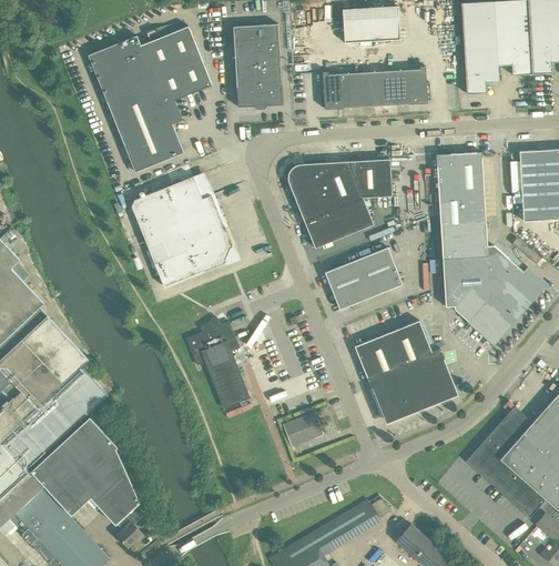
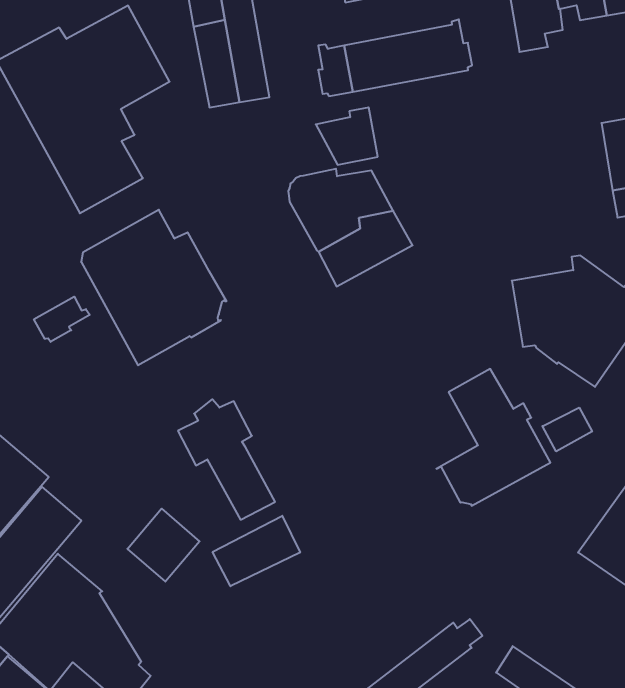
building: [436,152,487,259] -> none
building: [349,159,392,198] -> [316,107,378,165]
building: none -> [34,297,90,342]
building: [324,249,402,310] -> none
building: [354,334,403,388] -> none
building: none -> [542,408,592,451]
building: none -> [127,509,200,582]
building: none -> [213,516,300,586]
building: [284,413,323,446] -> none

